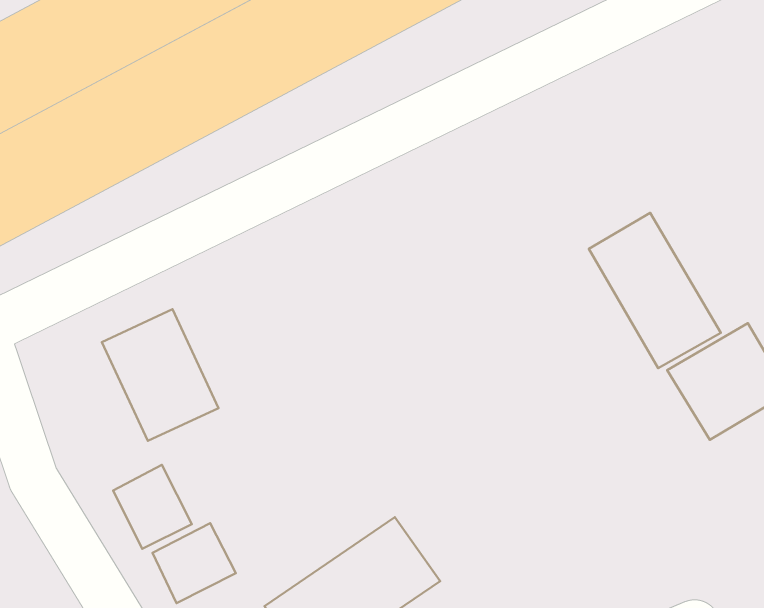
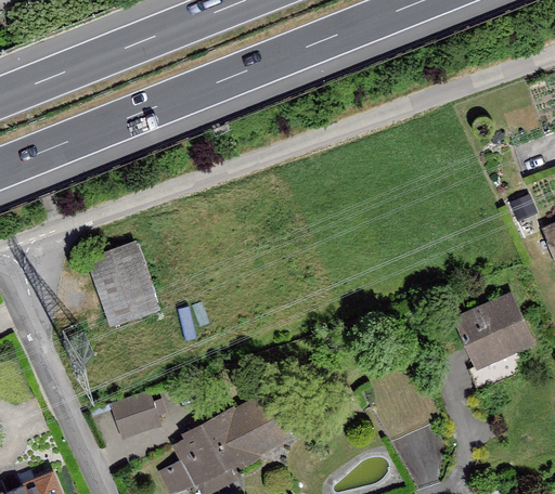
building: [589,213,721,368] -> none
building: [113,465,192,549] -> none

